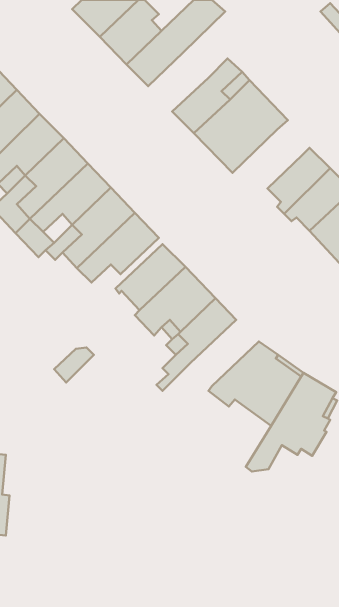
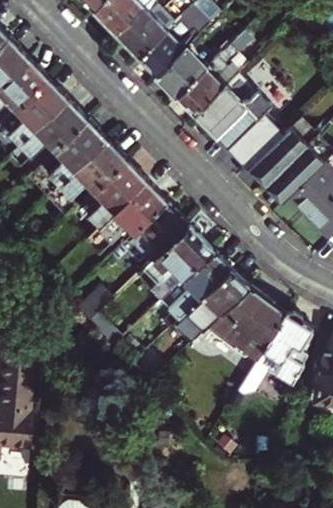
building: none -> [154,47,204,96]
building: none -> [224,111,282,168]
building: none -> [189,269,246,324]

